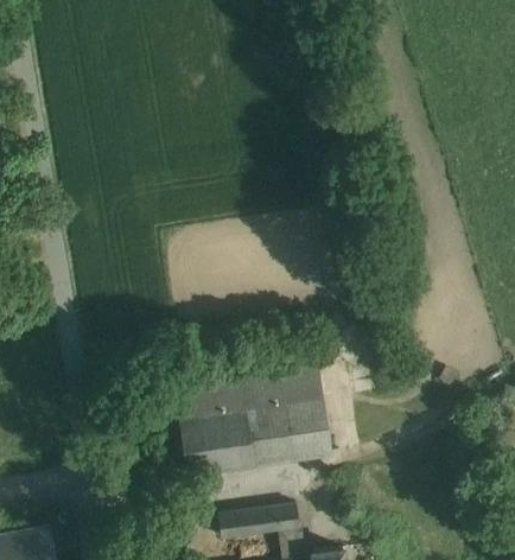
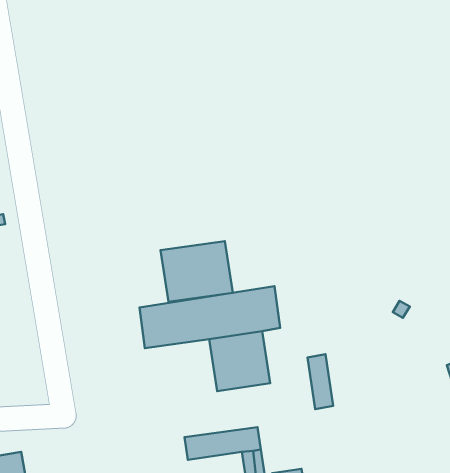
building: [305,399,332,457] -> [307,354,333,409]
building: [182,411,258,475] -> [161,241,233,302]

